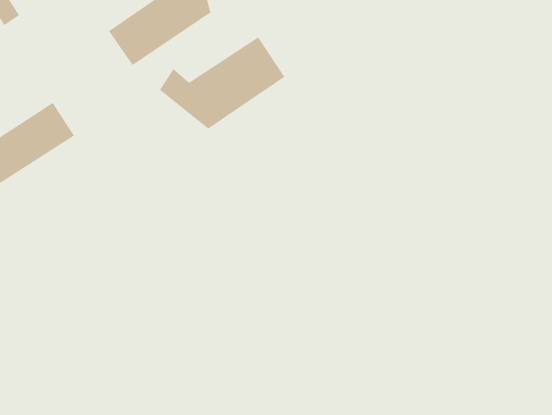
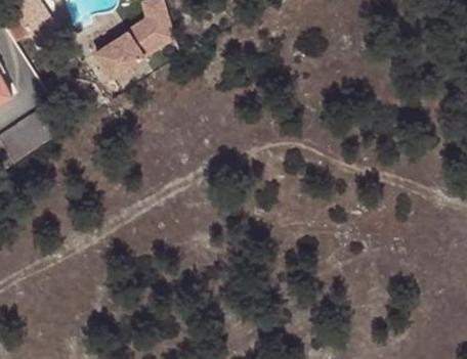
building: [159,36,285,129] -> none

